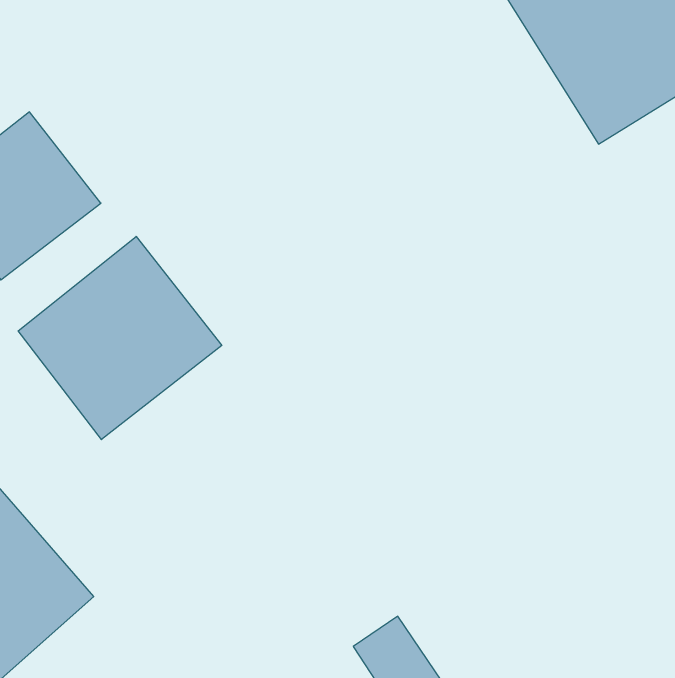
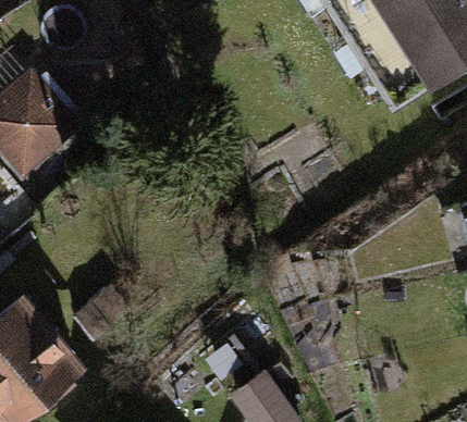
building: [18,236,222,440] -> none

